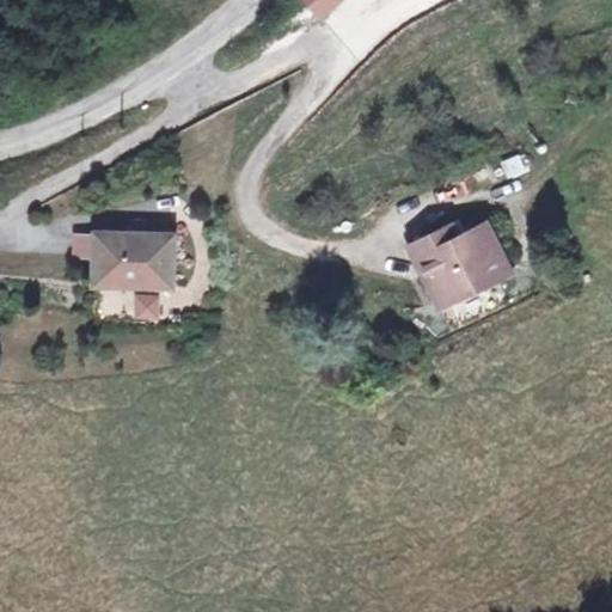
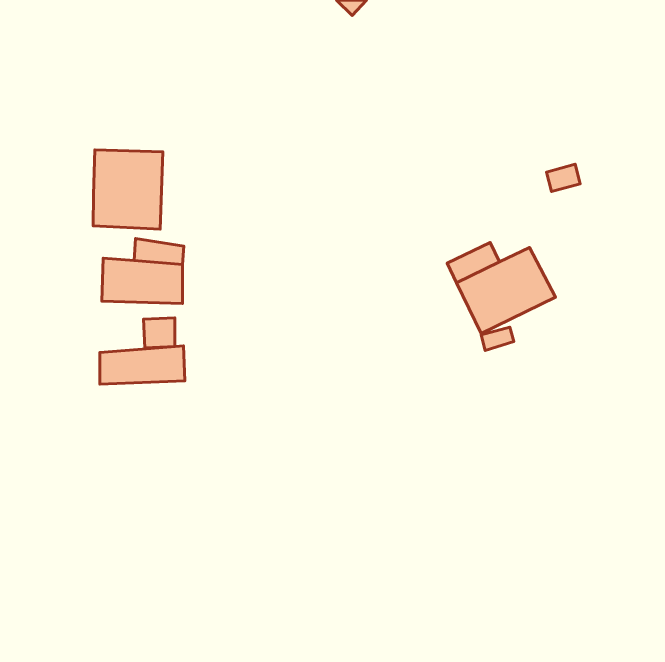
building: none -> [93,150,163,229]
building: none -> [100,346,185,384]

